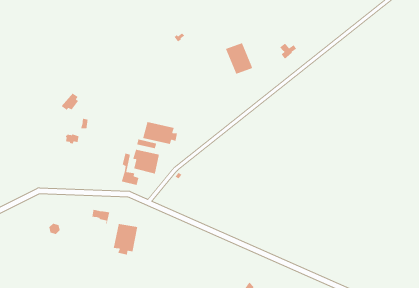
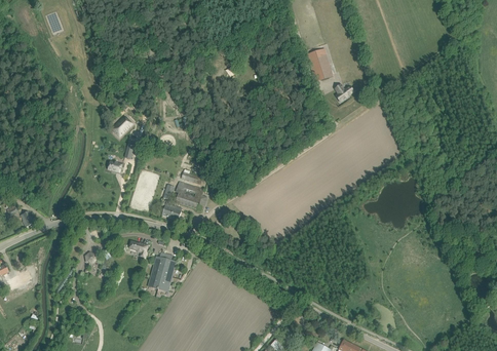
building: [225,42,253,75] -> [306,47,334,80]
building: [142,121,178,145] -> none

